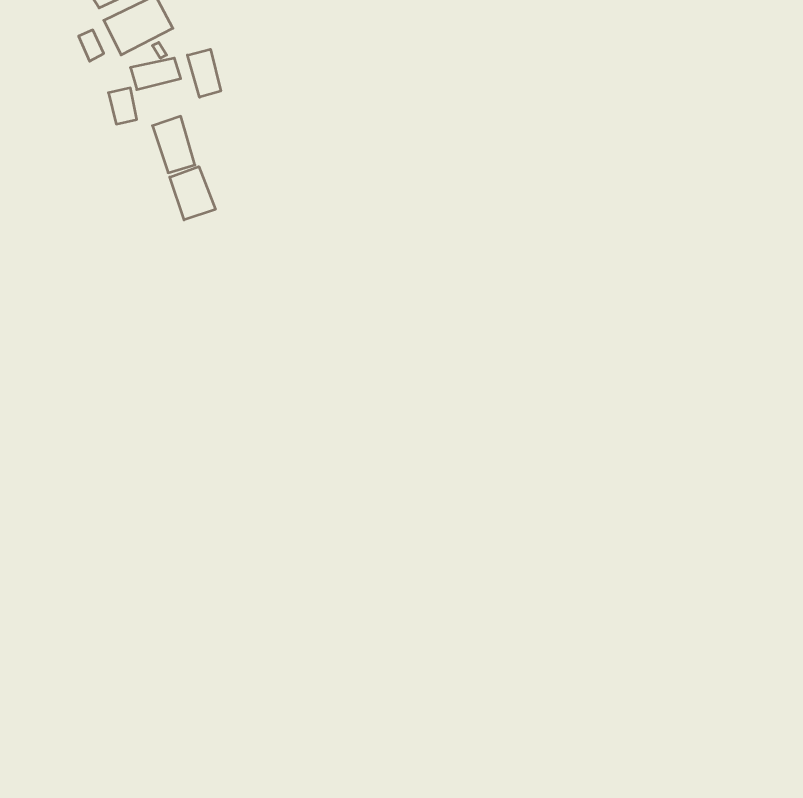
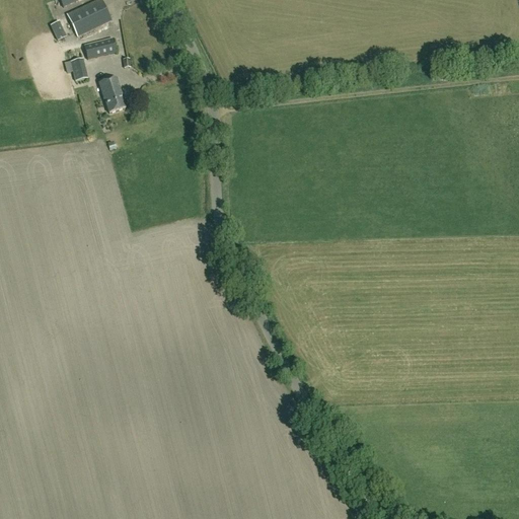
building: [187,49,221,97] -> none
building: [170,167,215,220] -> none

